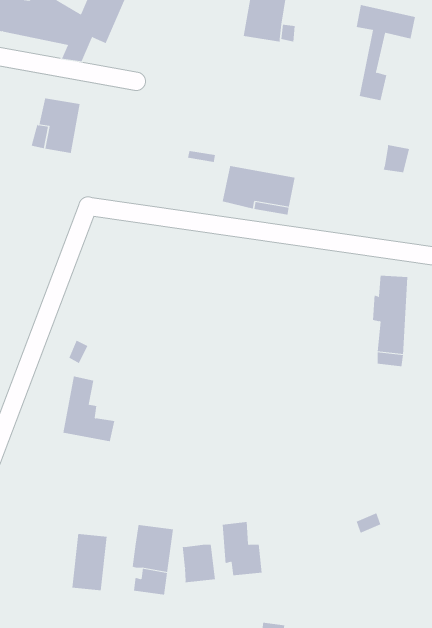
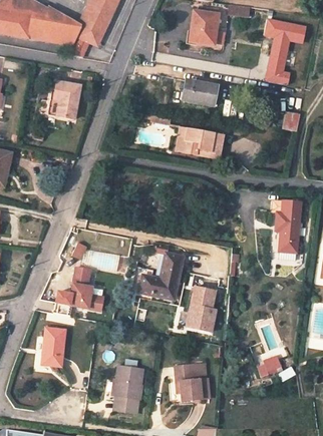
building: none -> [182,79,217,105]
building: none -> [138,253,183,300]
building: none -> [185,285,215,330]
building: [71,534,108,591] -> [41,328,65,366]
building: [182,544,216,583] -> none

